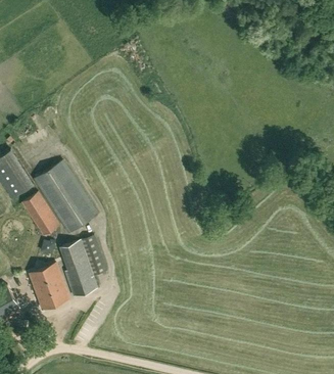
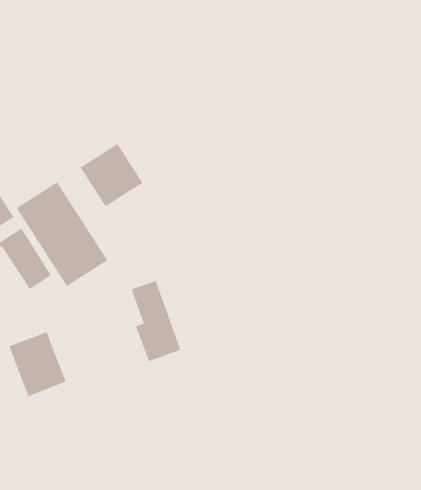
building: none -> [80,143,143,207]
building: [62,240,97,296] -> [131,280,181,362]

